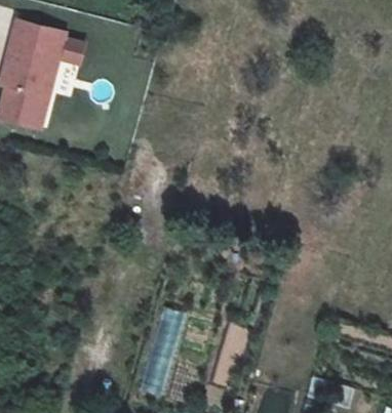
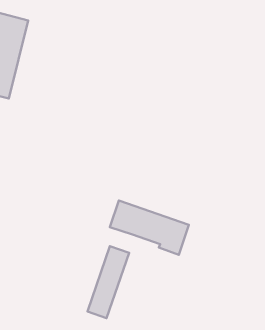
building: none -> [110,201,189,255]

